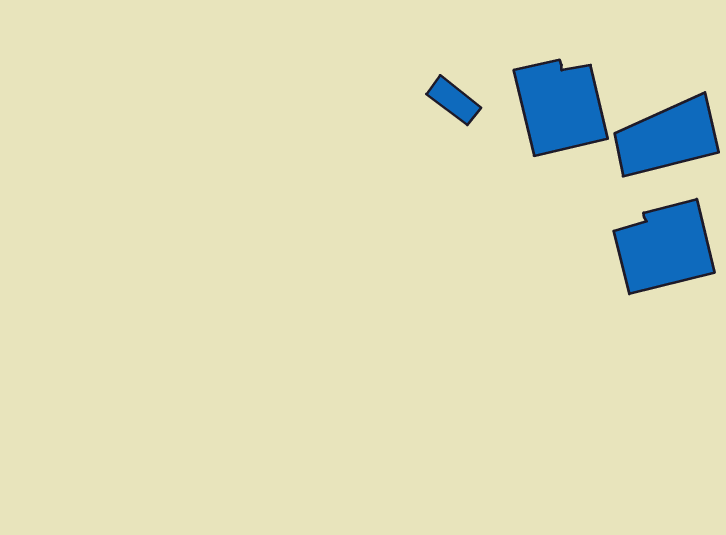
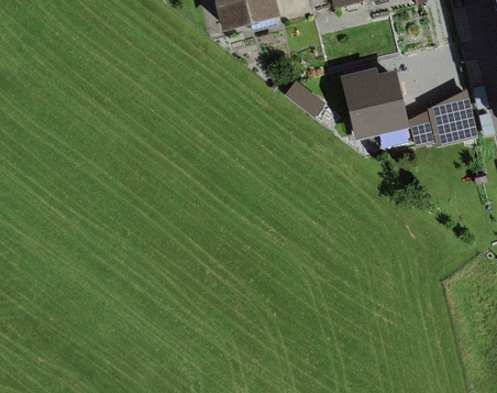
building: [614,199,714,294] -> none

